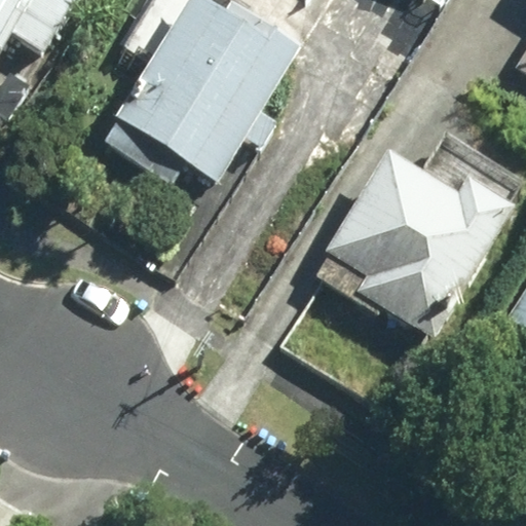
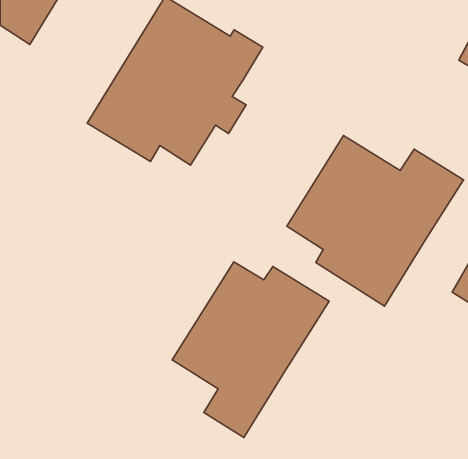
building: none -> [172,262,329,437]

